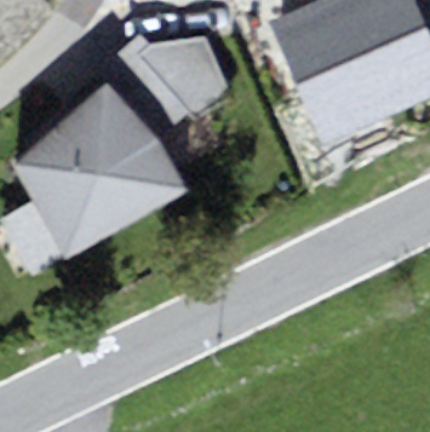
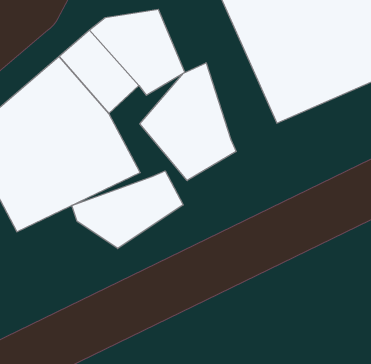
building: none -> [140,63,236,181]
building: none -> [72,171,183,249]

